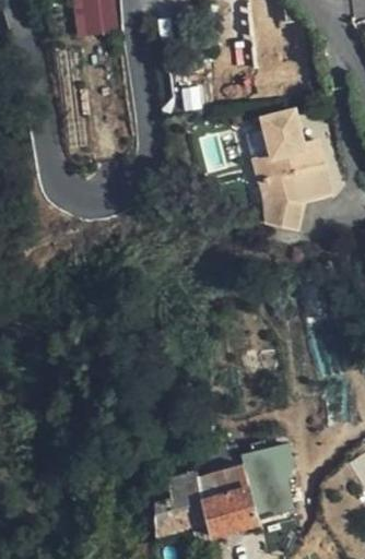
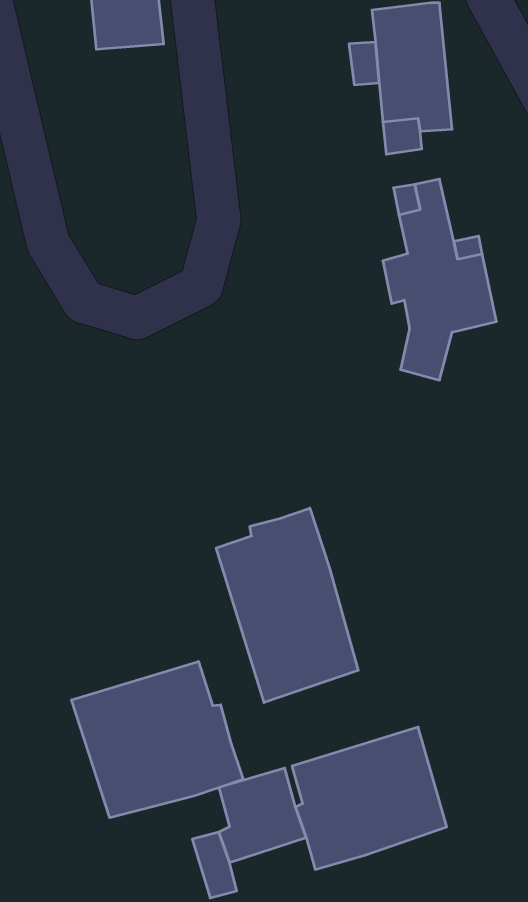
building: none -> [216,508,358,703]
building: none -> [72,661,243,818]

